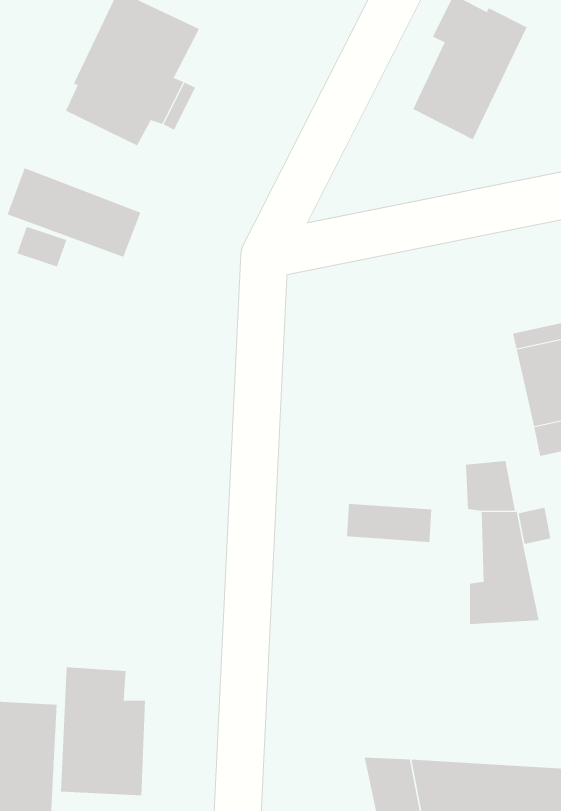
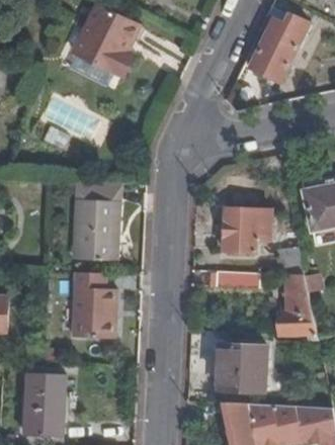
building: none -> [72,181,119,262]
building: none -> [223,207,271,253]
building: none -> [218,344,266,391]
building: [60,667,146,796] -> [71,272,115,339]

